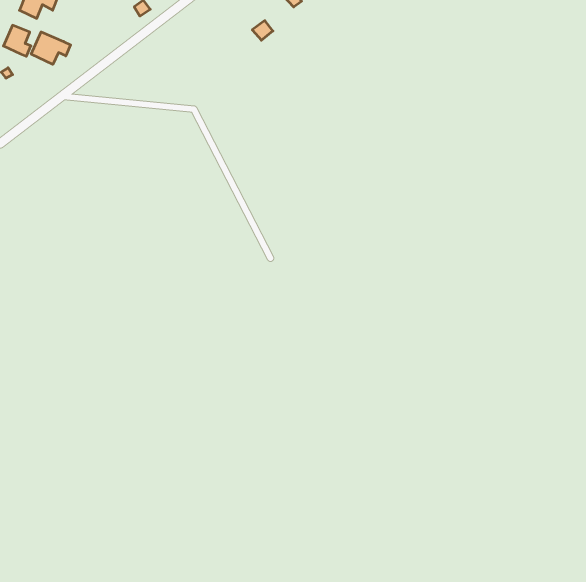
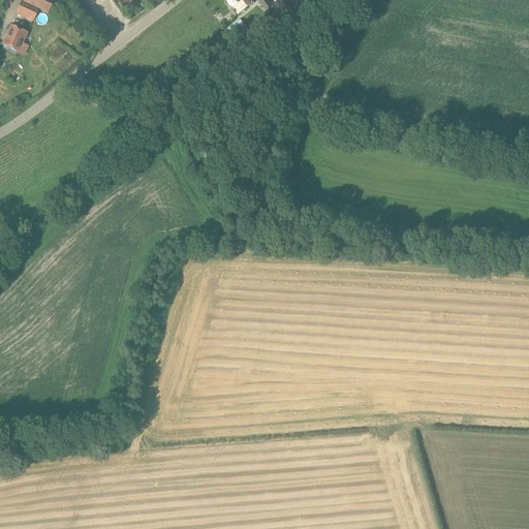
building: [31,32,71,64] -> none

